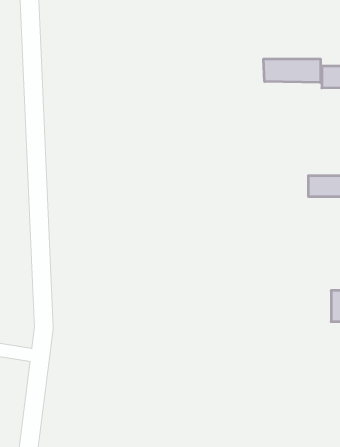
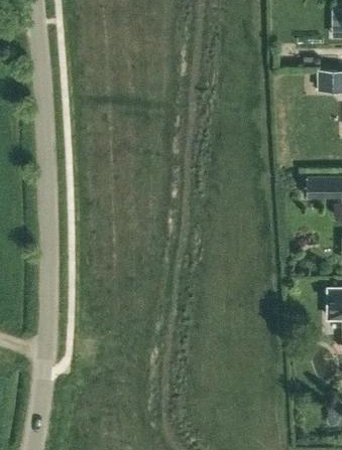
building: [264,59,320,83] -> none

